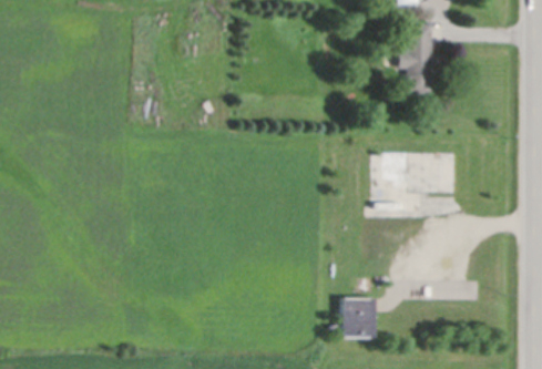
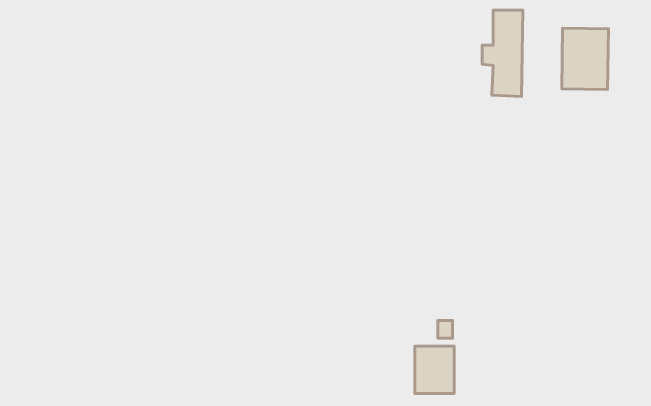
building: none -> [562,28,609,89]

